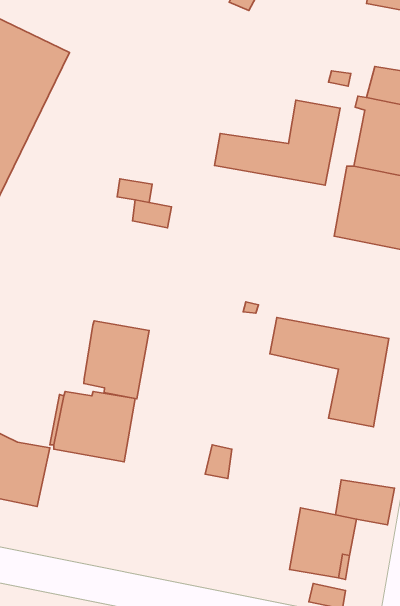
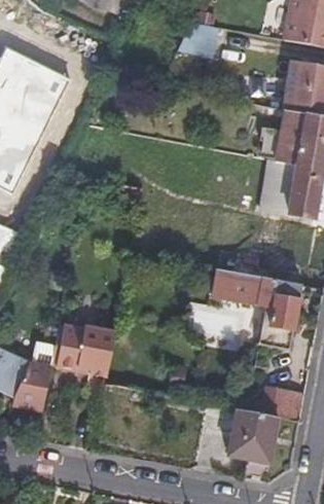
building: [215,100,340,185] -> none
building: [84,321,149,399] -> none

